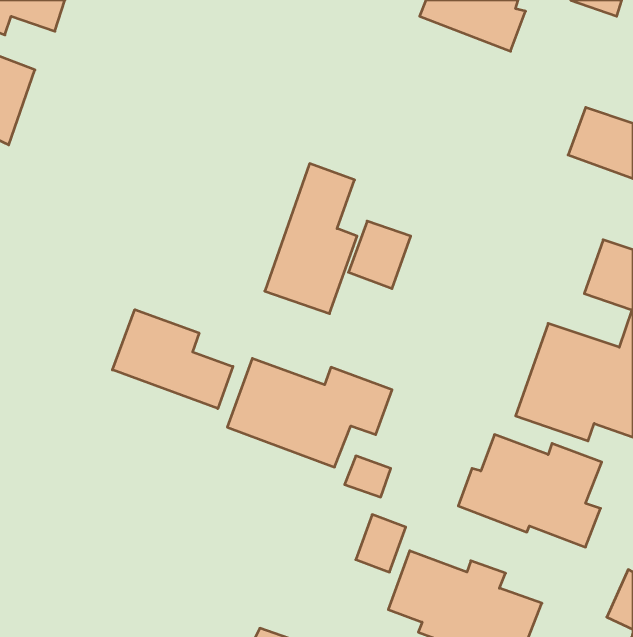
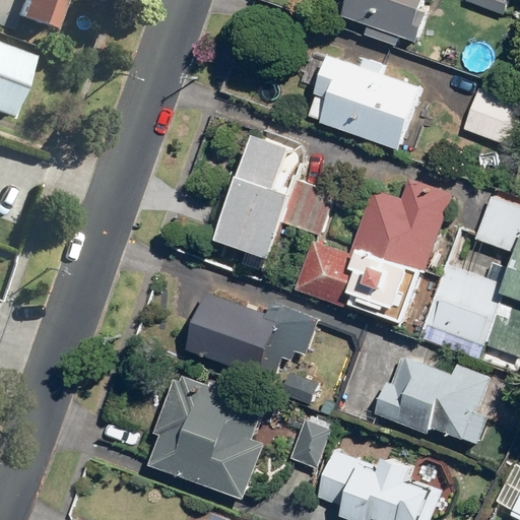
building: none -> [315,56,418,147]
building: none -> [294,179,450,328]
building: [112,310,233,409] -> none
building: none -> [148,370,265,500]

